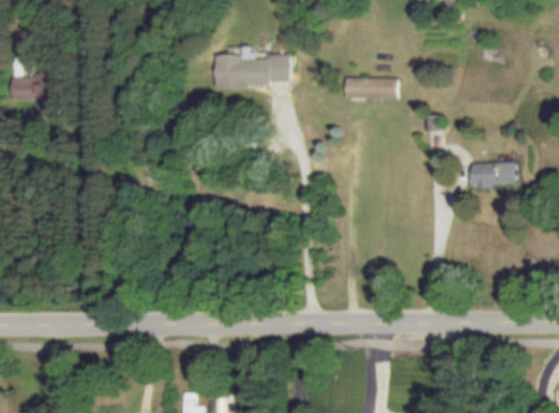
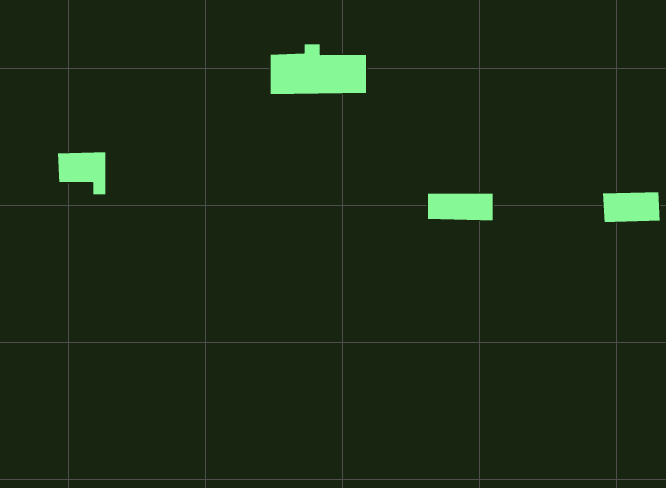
building: [11,76,49,109] -> [57,152,106,195]
building: [344,79,396,100] -> [427,193,493,221]

